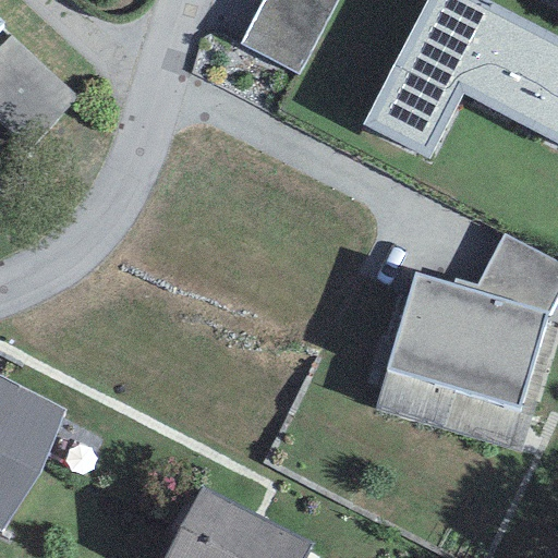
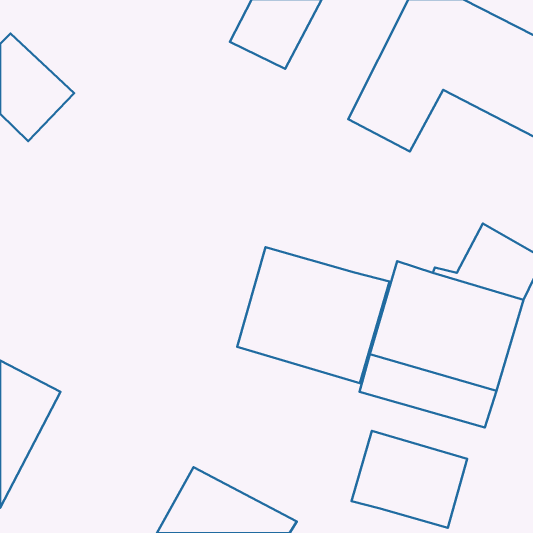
building: none -> [237,247,390,383]
building: none -> [351,431,467,528]

